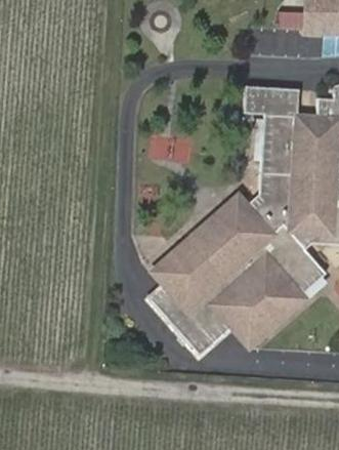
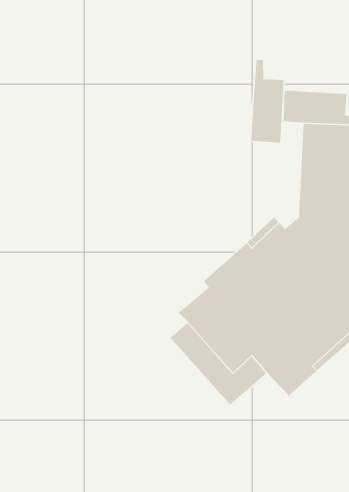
building: none -> [250,59,284,143]

